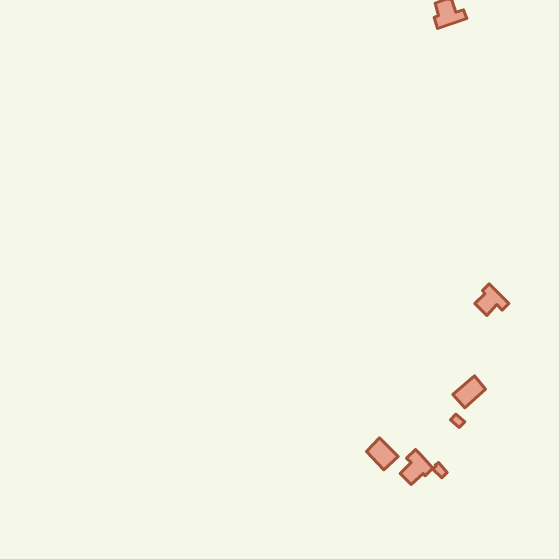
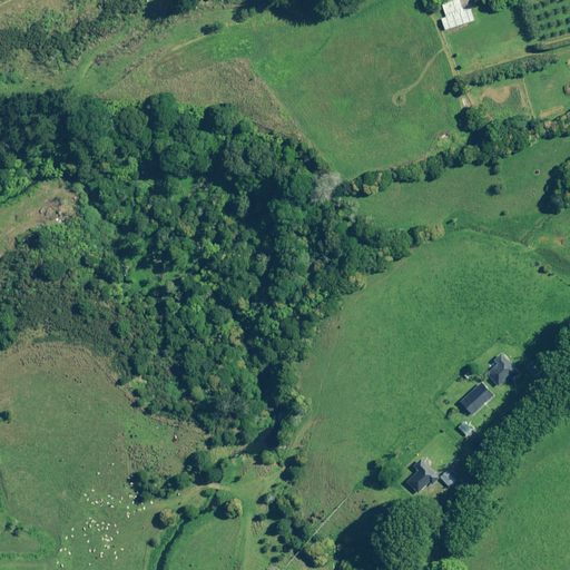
building: [475,284,509,316] -> [487,353,521,385]
building: [366,438,398,470] -> none

